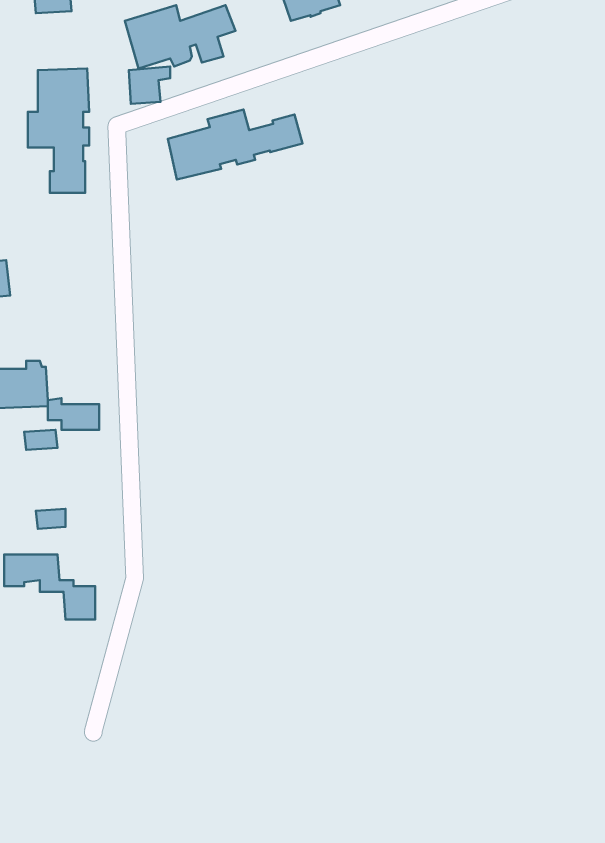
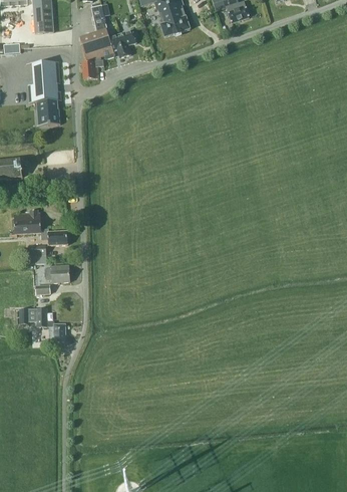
building: [168,109,302,179] -> none
building: none -> [43,262,69,282]

